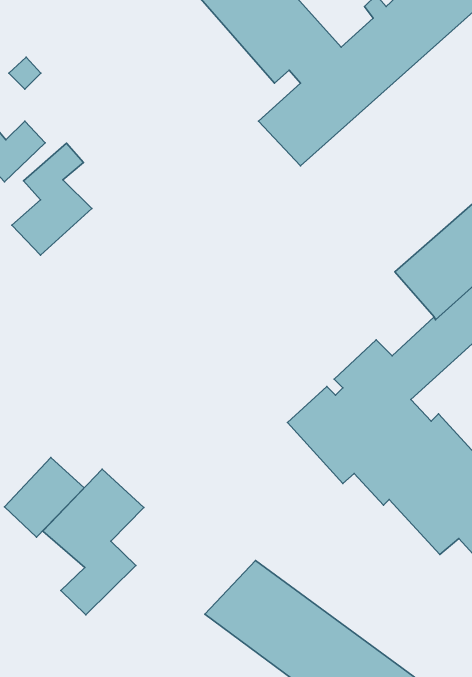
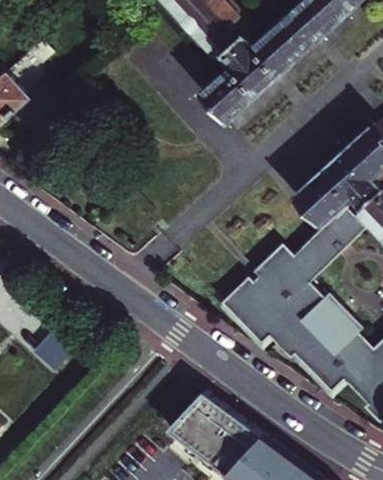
building: [12,143,92,255] -> none
building: [43,469,144,615] -> none

